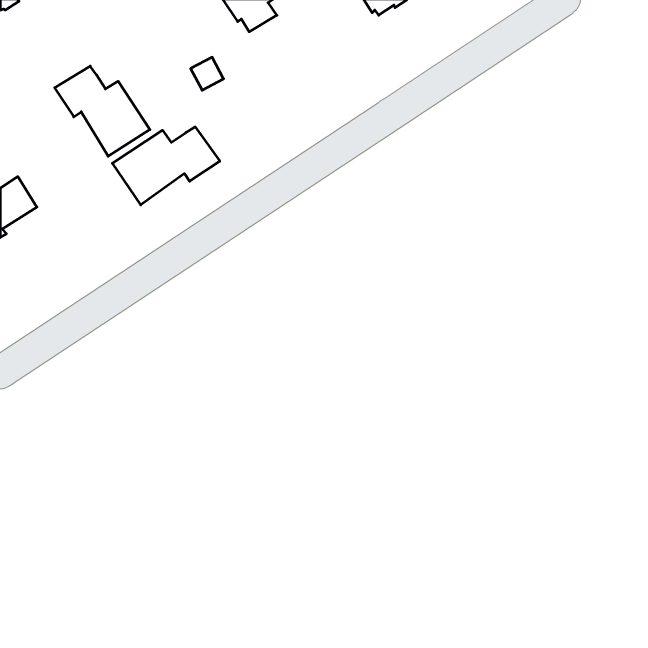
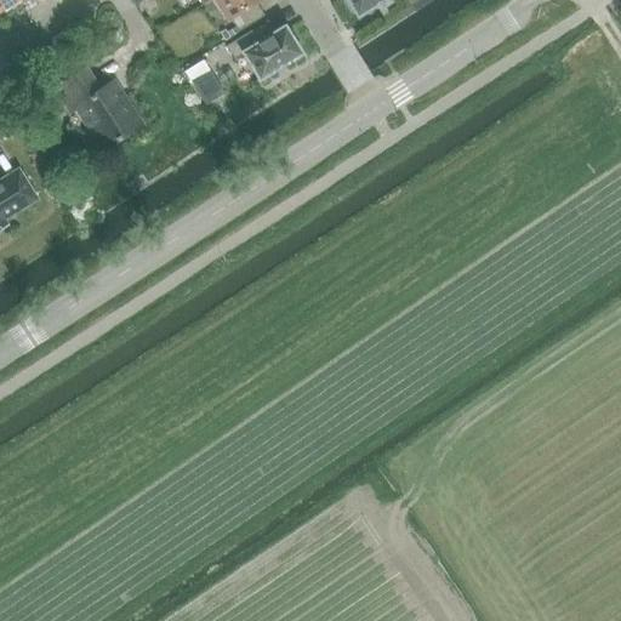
building: none -> [227,18,301,78]
building: [112,127,220,205] -> none

